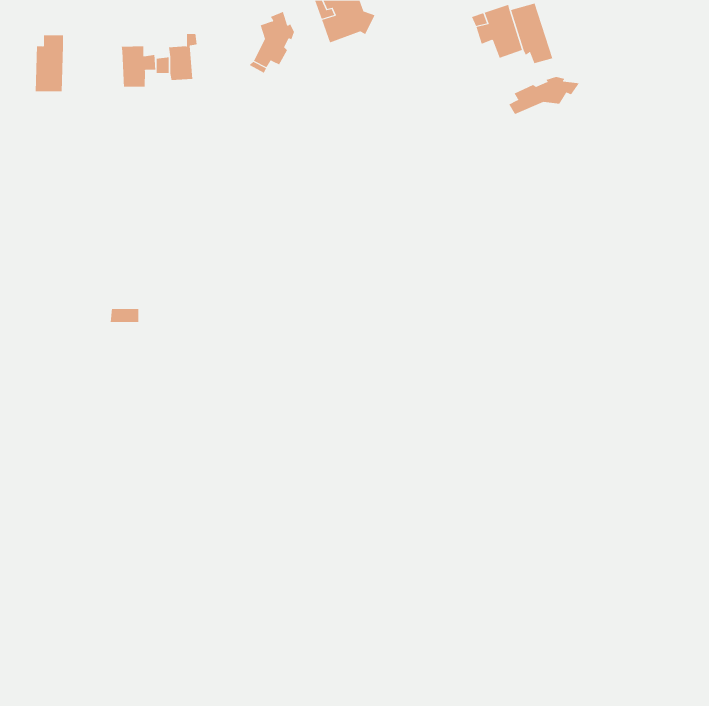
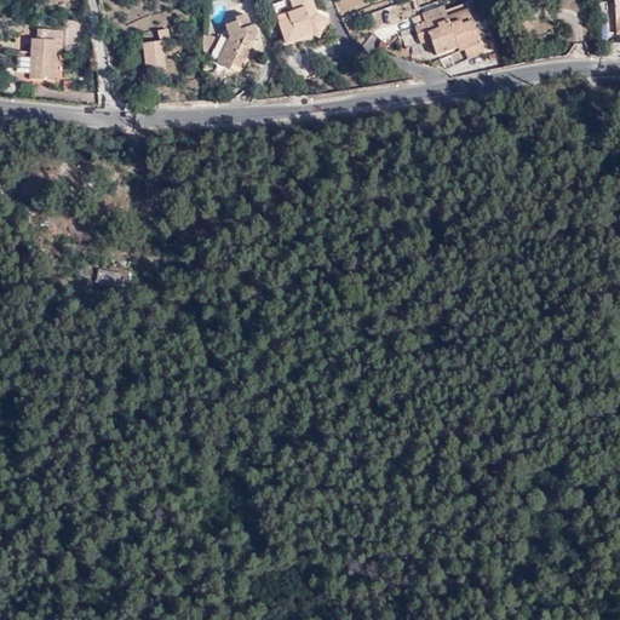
building: [121,45,156,88] -> none
building: [509,76,580,115] -> none

